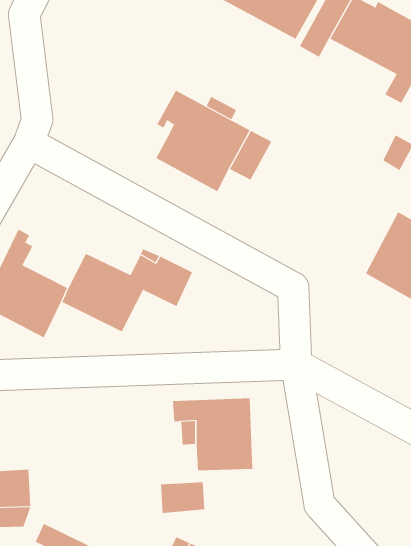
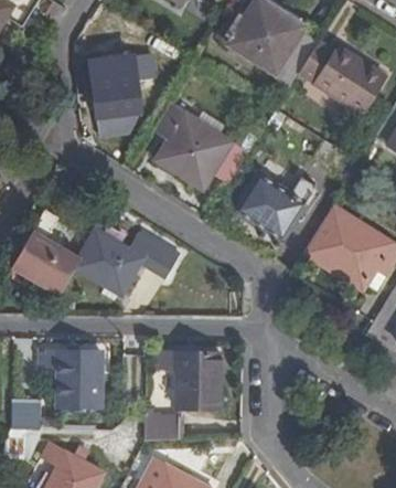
building: none -> [88,53,151,138]
building: none -> [234,173,315,241]
building: none -> [41,351,101,407]

